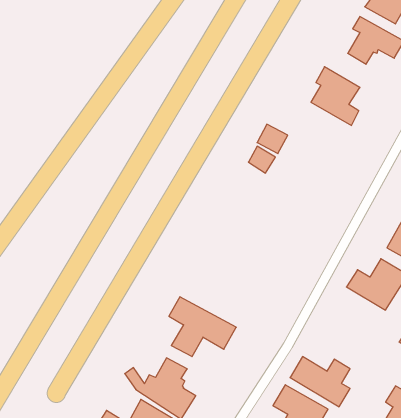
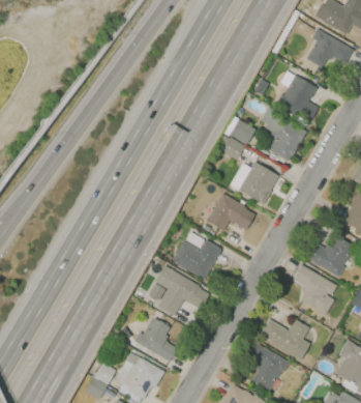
building: none -> [262,107,307,162]
building: none -> [238,162,280,204]
building: none -> [206,192,254,231]
building: none -> [172,239,221,280]
building: none -> [295,265,336,314]

